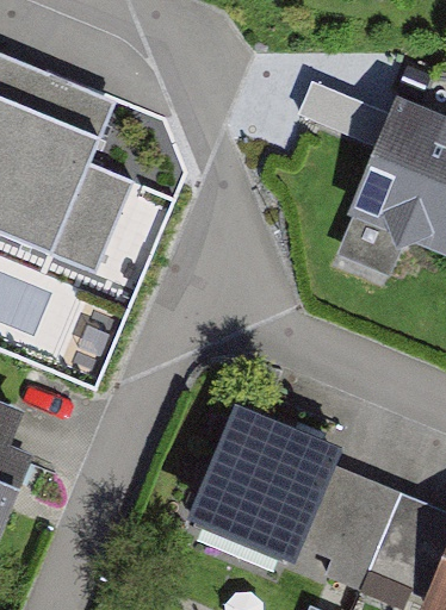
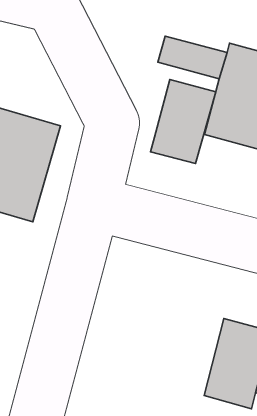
building: none -> [150,79,216,164]
building: [186,410,345,572] -> none

